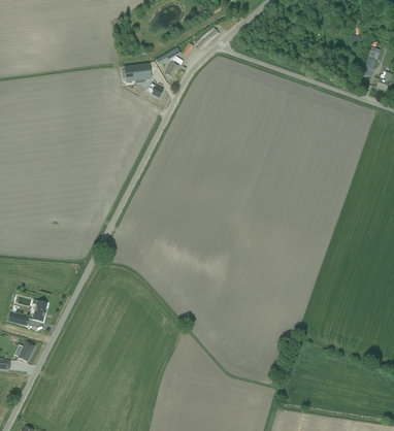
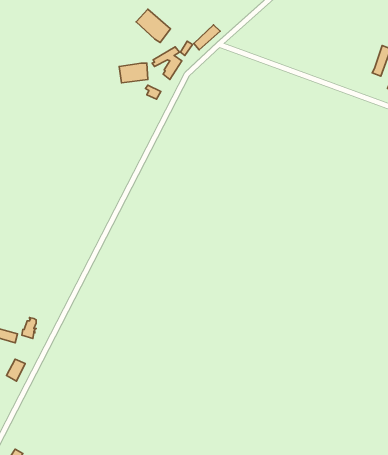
building: none -> [136,9,171,43]

